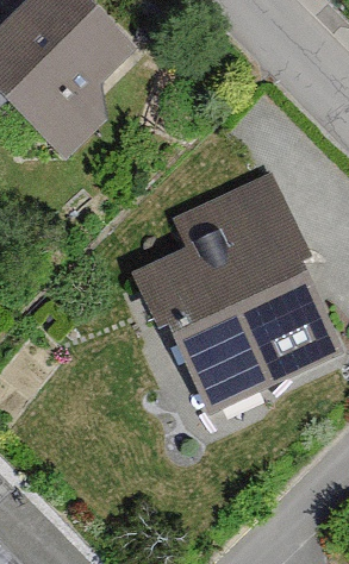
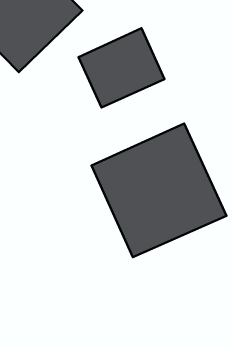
building: none -> [78,28,164,108]

